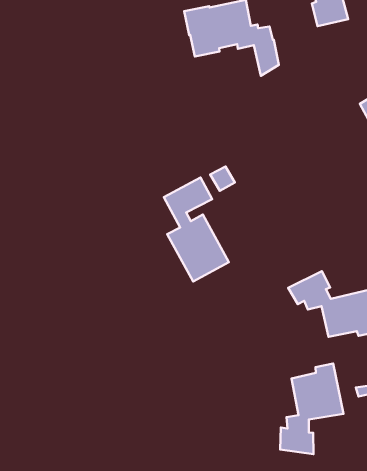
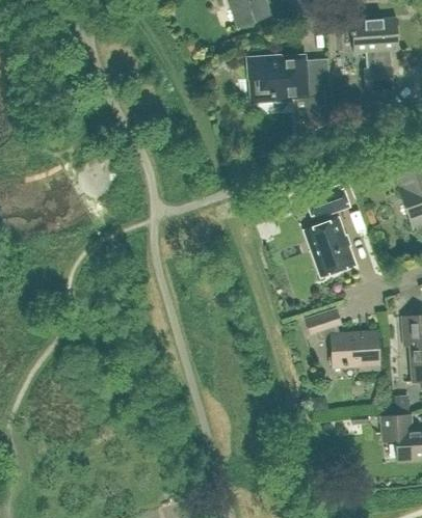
building: [164,177,229,282] -> [306,186,357,277]
building: [280,364,344,454] -> none

